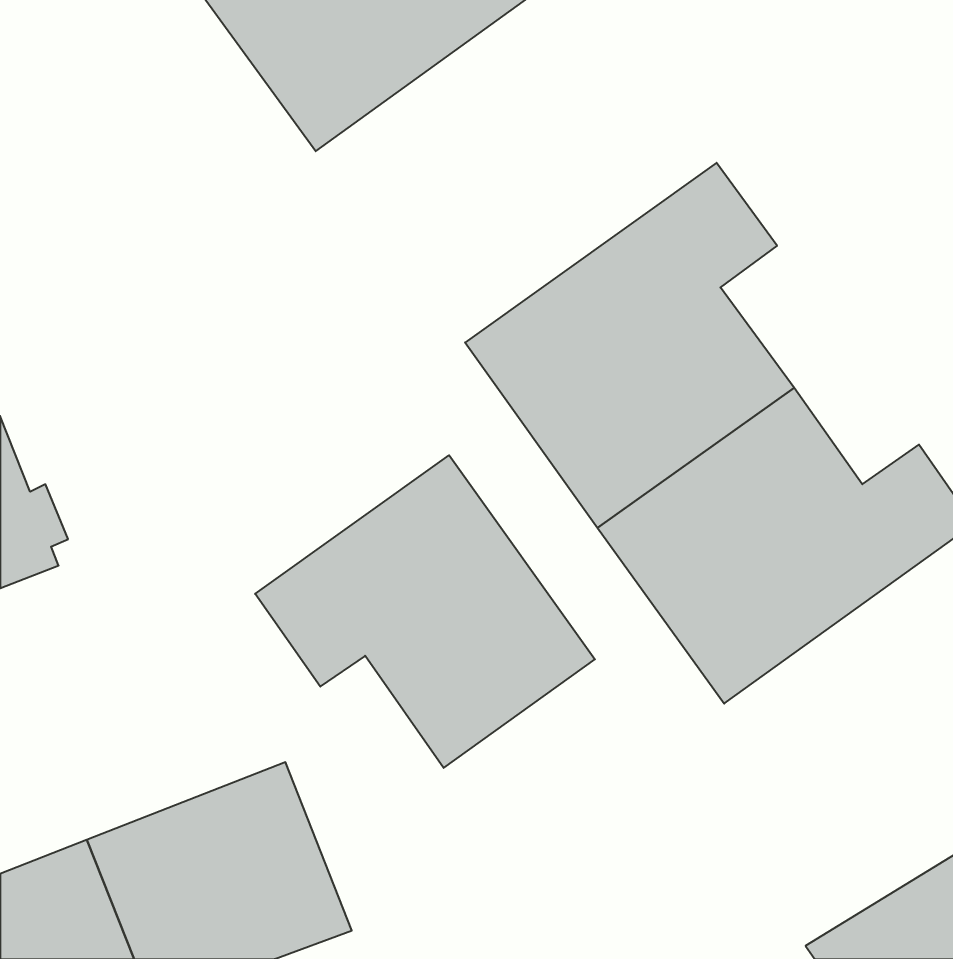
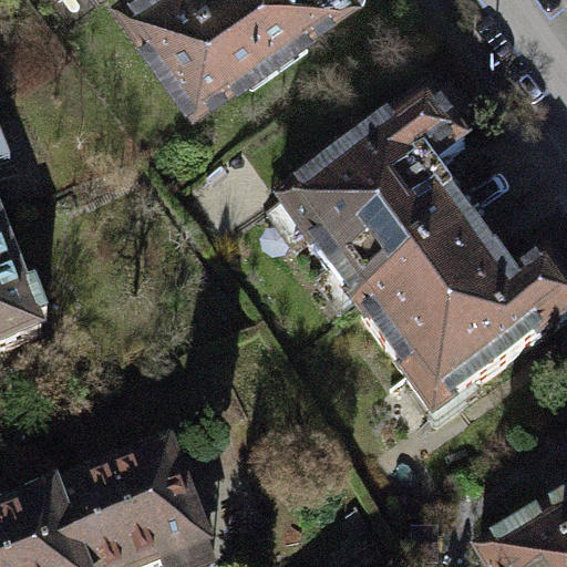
building: [255,455,595,768] -> none

